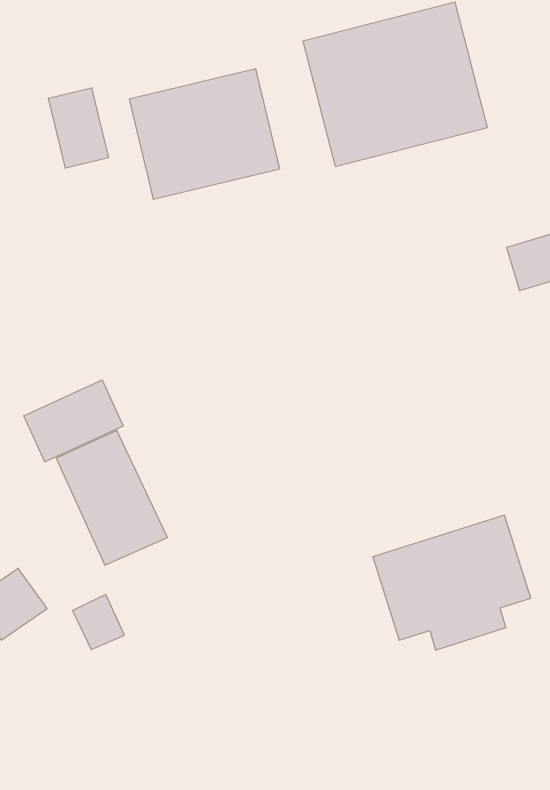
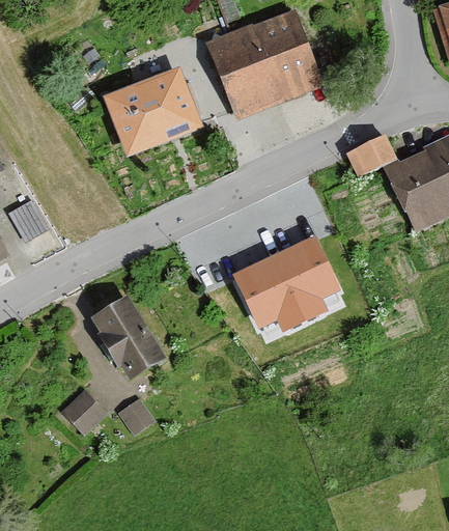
building: [49,88,108,168] -> none
building: [24,380,123,462] -> none
building: [373,515,531,650] -> [233,240,332,327]

